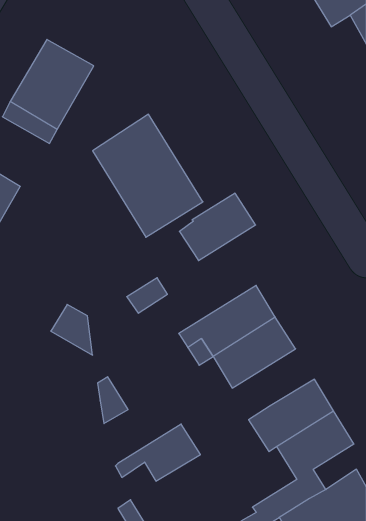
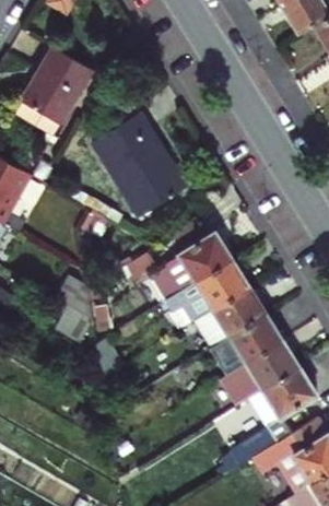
building: [179,193,256,261] -> [167,232,233,290]
building: [115,424,200,481] -> [210,314,283,363]

